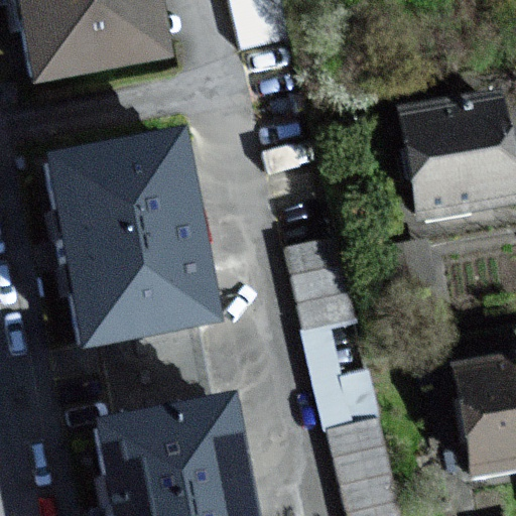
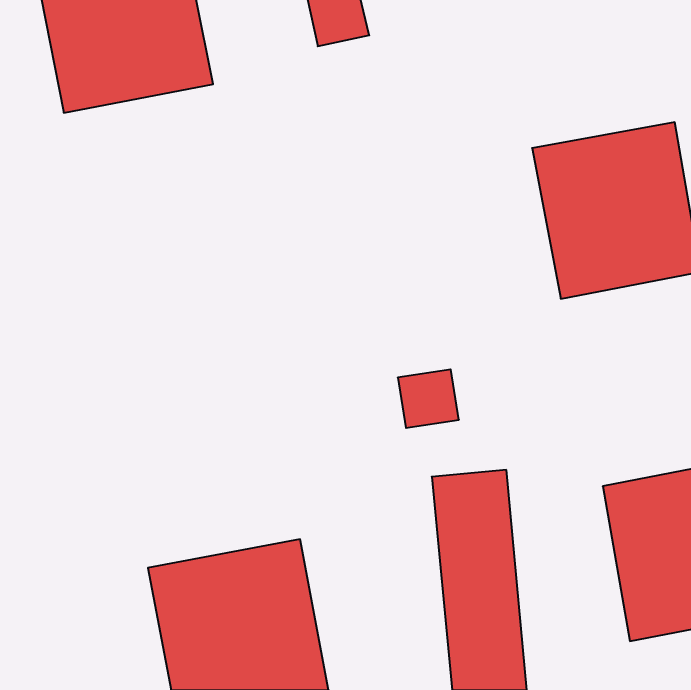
building: [68,140,208,346] -> none

